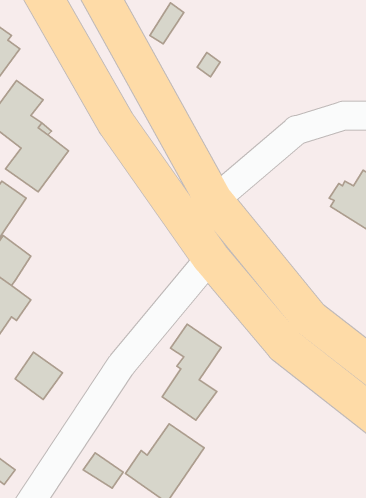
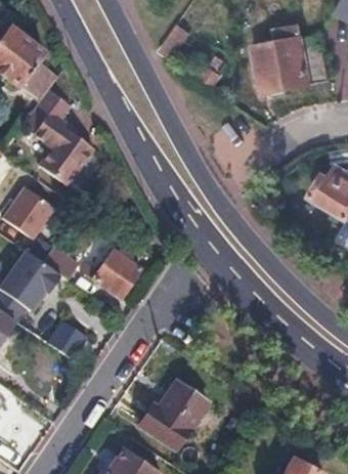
building: none -> [253,29,331,95]
building: none -> [92,249,139,299]
building: [162,324,221,420] -> none

